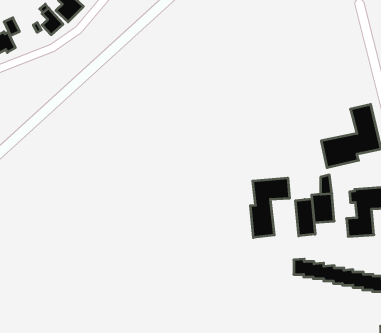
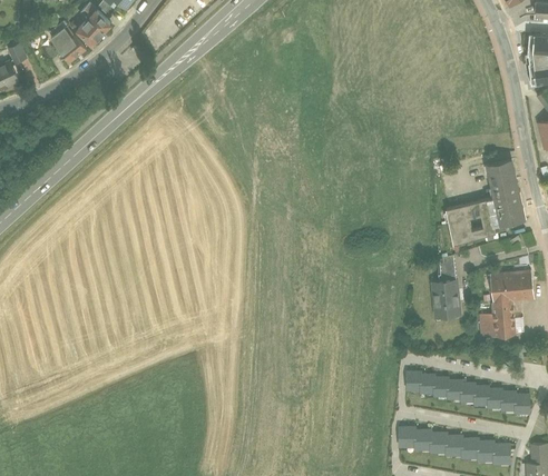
building: [250,178,289,238] -> none
building: [296,199,315,236] -> none
building: none -> [398,427,509,464]

